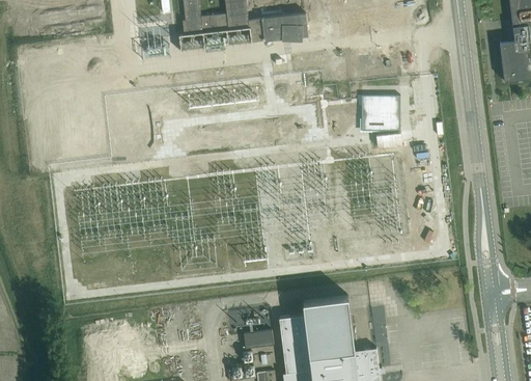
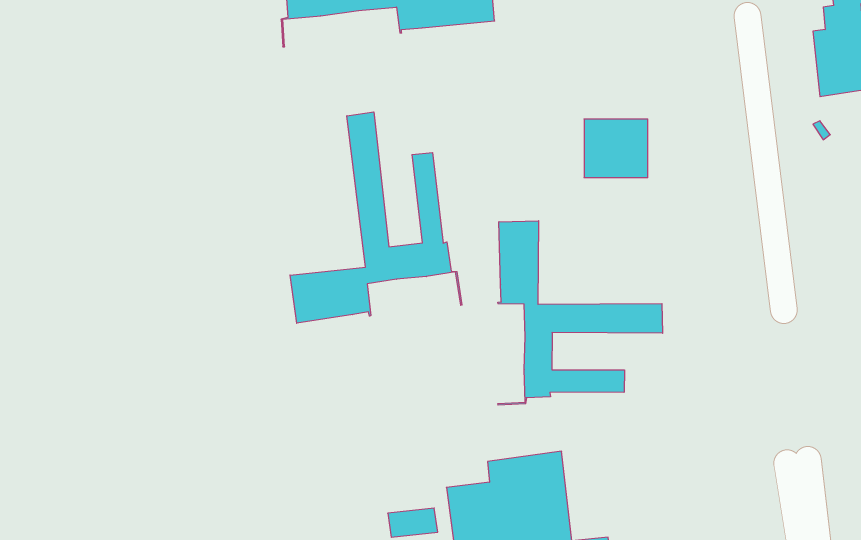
building: none -> [290,112,462,323]
building: none -> [498,221,663,405]

